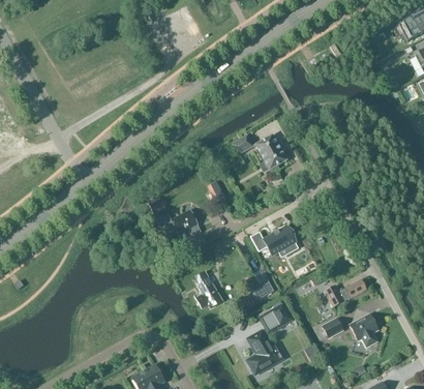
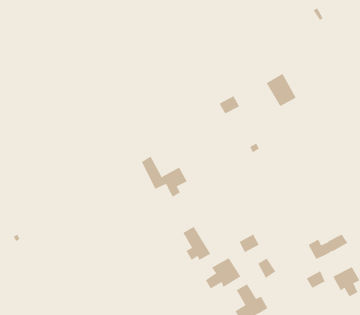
building: [255,133,287,169] -> [266,73,297,107]
building: [251,226,298,255] -> none
building: none -> [205,257,241,289]

